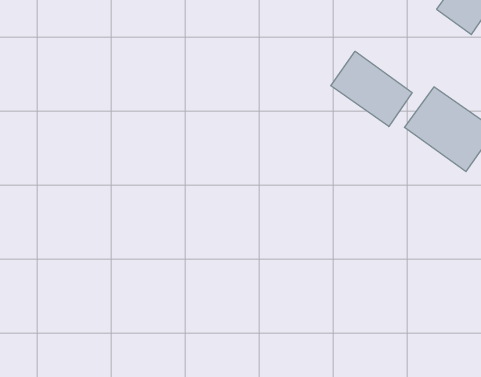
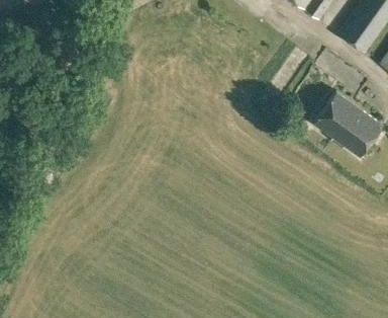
building: [331,51,412,127] -> none

